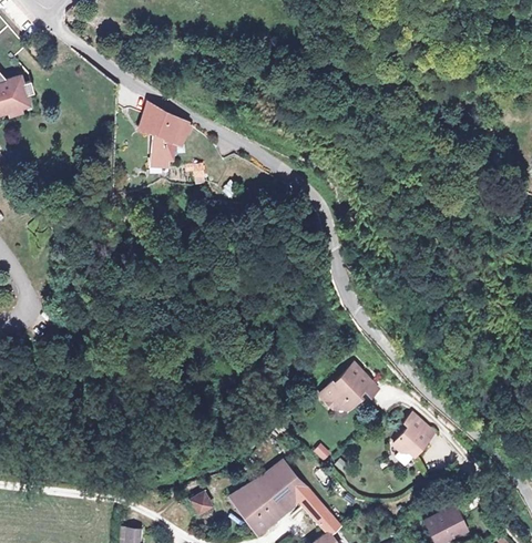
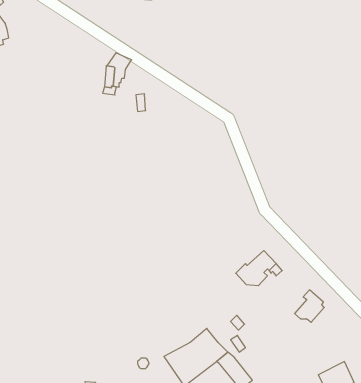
building: [140,101,167,130] -> none

